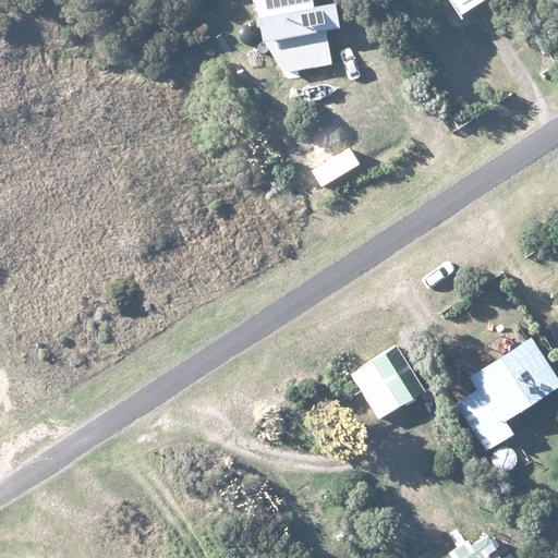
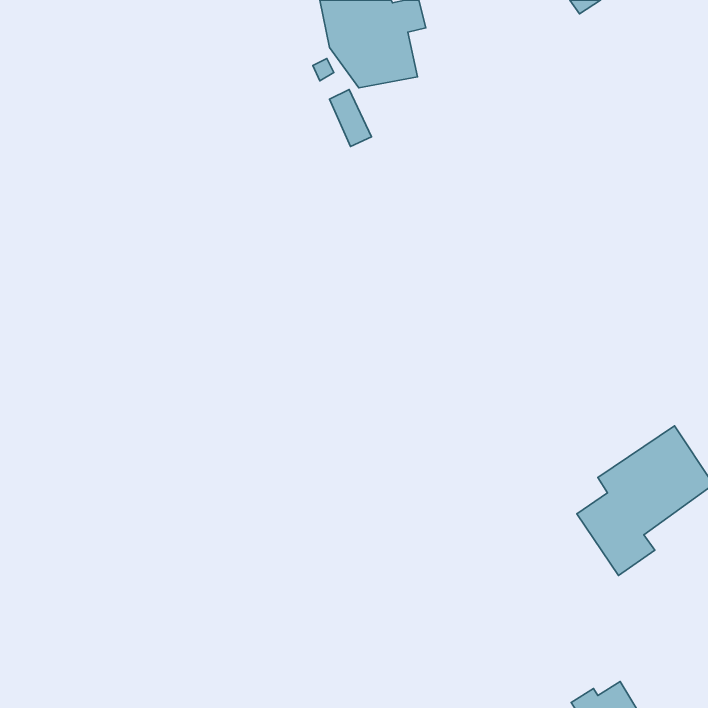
building: [352,347,426,420] -> none

